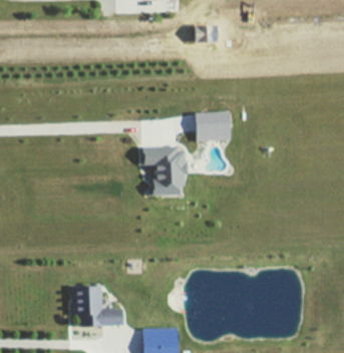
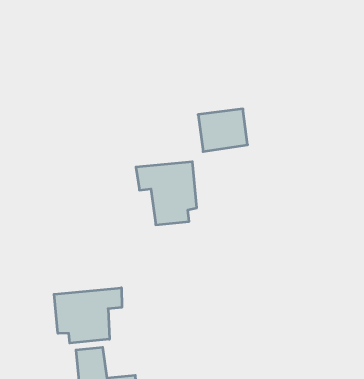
building: none -> [54,288,122,343]

